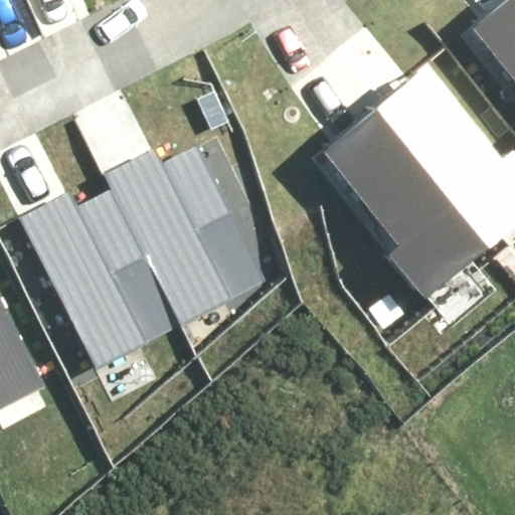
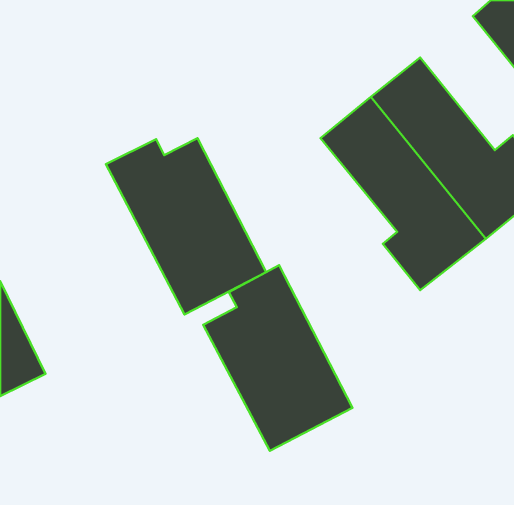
building: [17,185,185,370] -> none
building: none -> [203,265,353,451]

